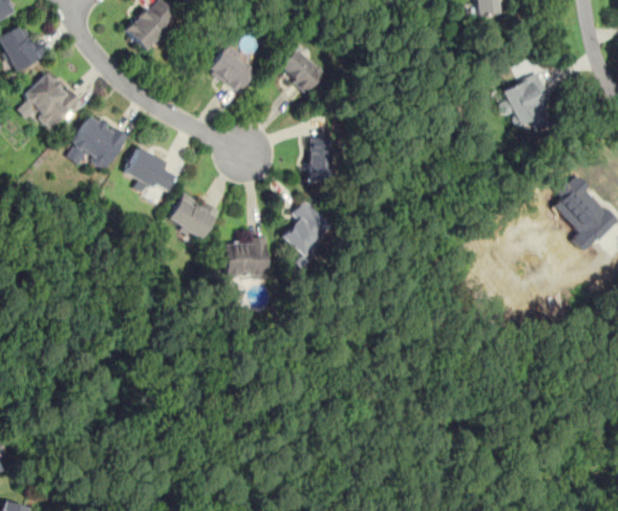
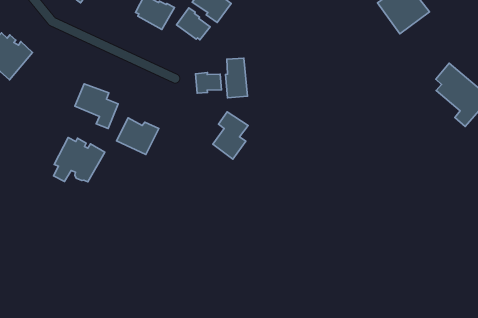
building: none -> [177,8,210,40]
building: [65,114,129,169] -> [54,137,105,182]
building: none -> [196,73,221,93]
building: [222,237,268,280] -> none

